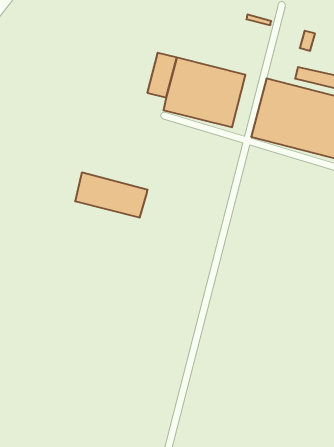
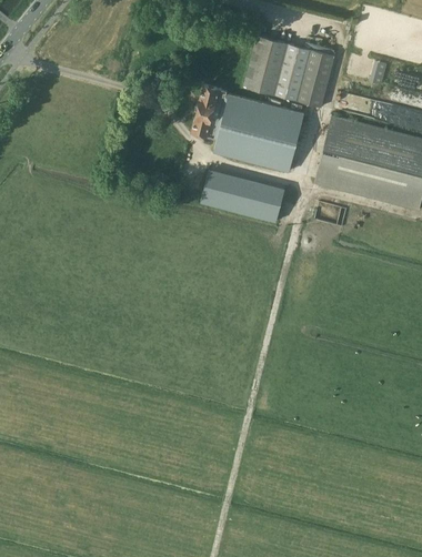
building: none -> [243,36,333,107]
building: [75,173,148,217] -> [201,170,285,222]

